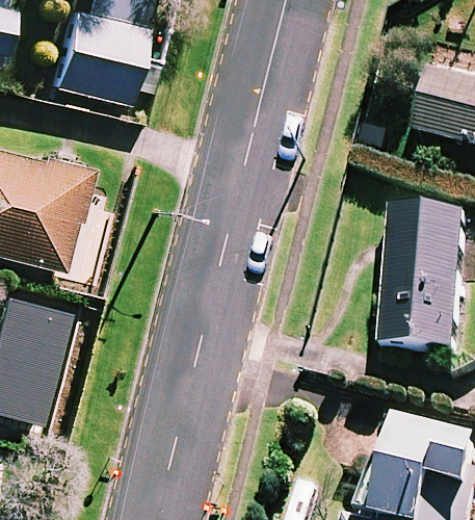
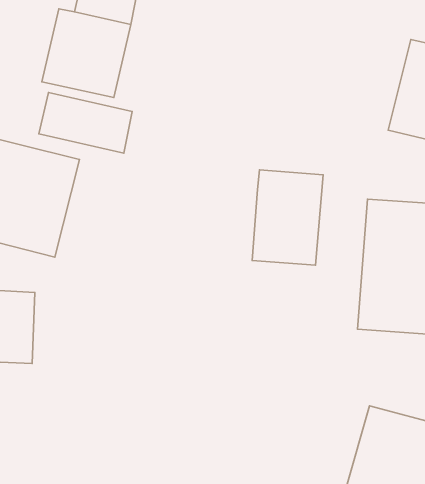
building: none -> [39,92,132,153]
building: none -> [252,170,323,265]

